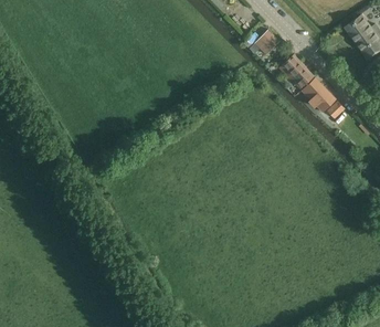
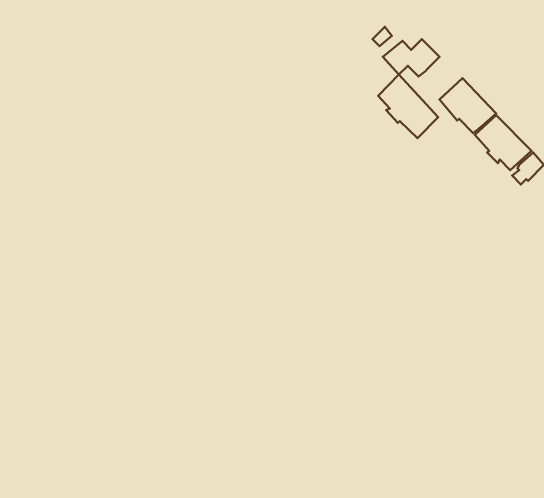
building: none -> [378,75,438,138]

